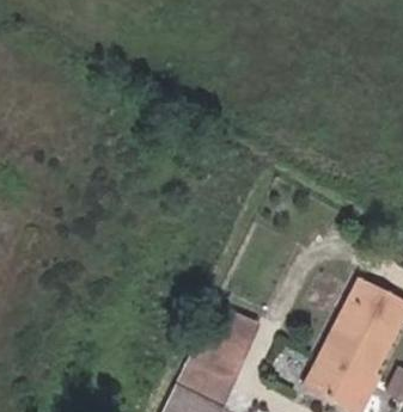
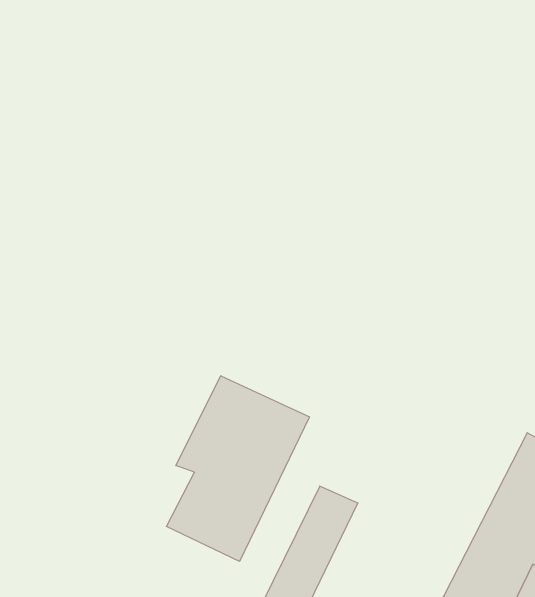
building: none -> [166,376,309,561]

